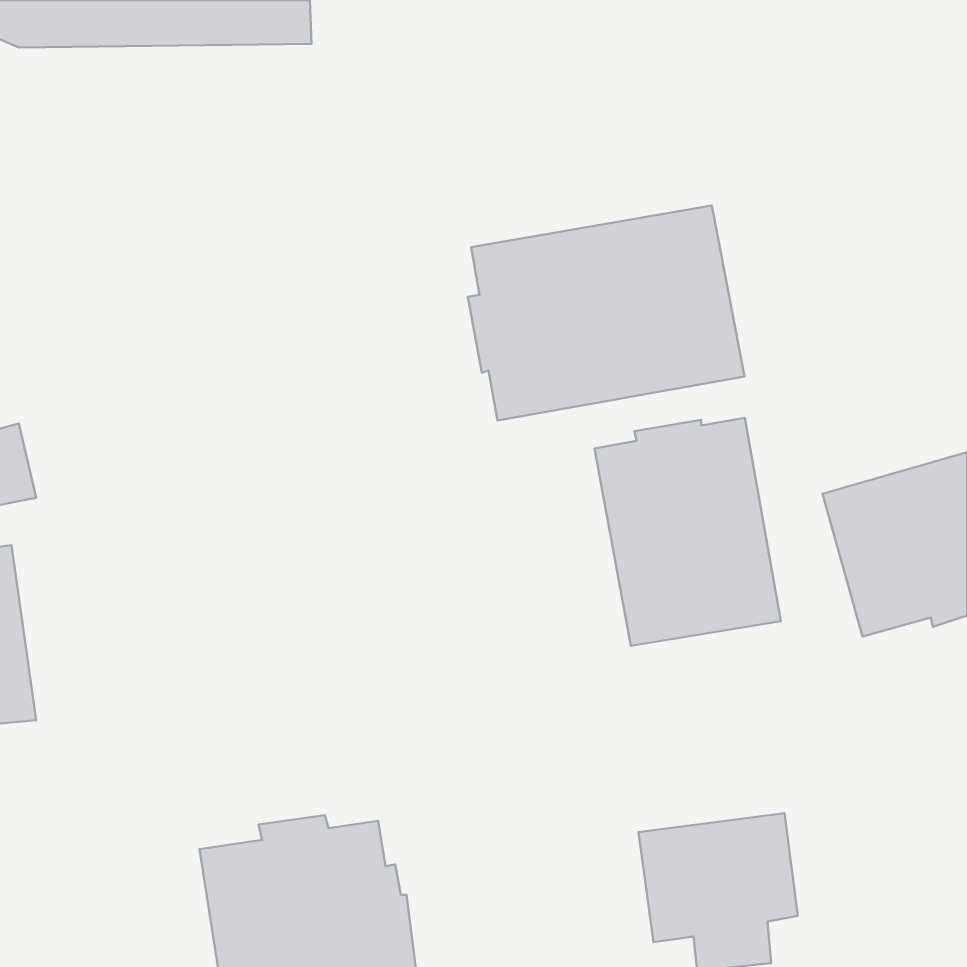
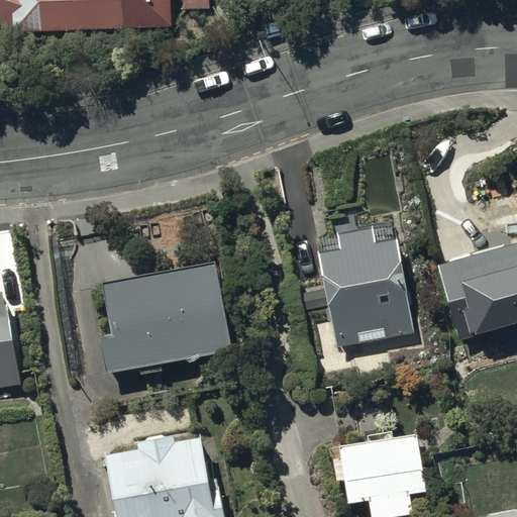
building: [468,206,745,420] -> none
building: none -> [99,262,232,374]

